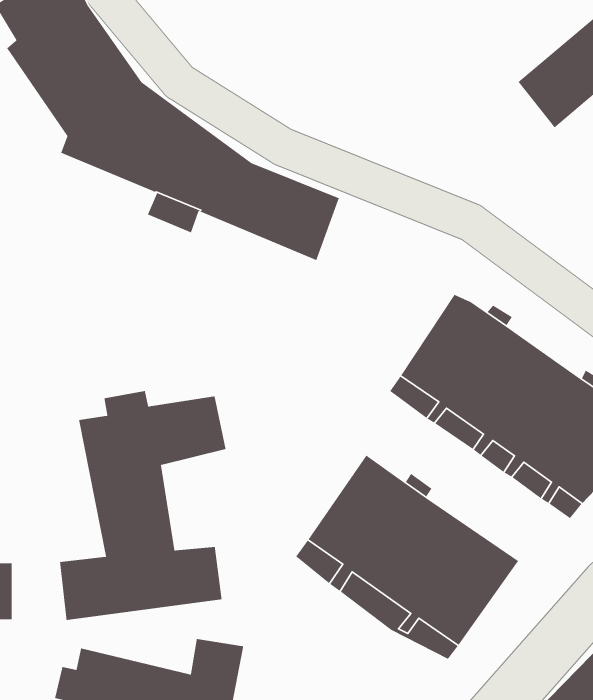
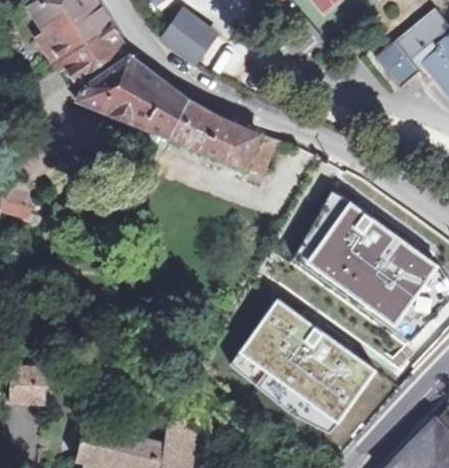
building: none -> [161,8,215,61]
building: [59,390,226,621] -> none

